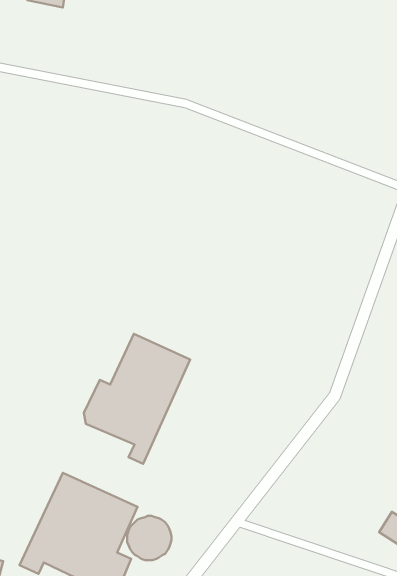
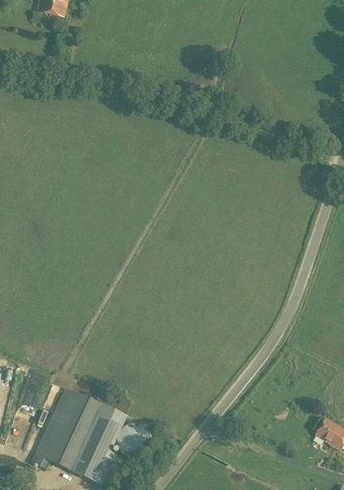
building: [84,334,190,464] -> none

